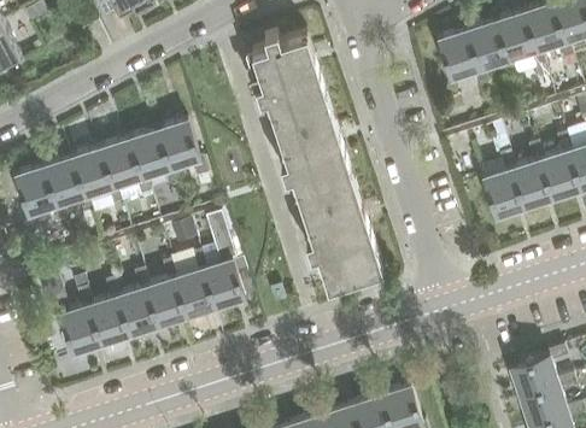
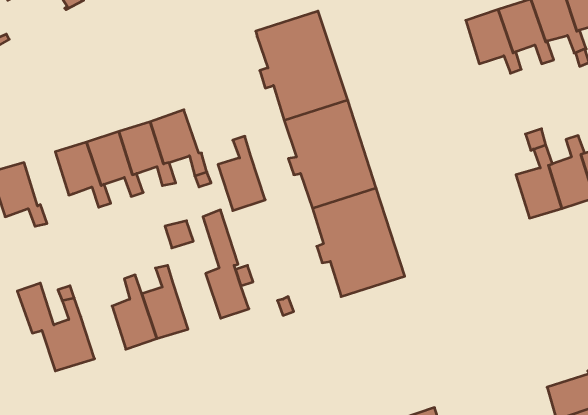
building: [45,158,93,216] -> none
building: [177,250,219,316] -> [218,136,265,211]
building: [95,279,135,342] -> none

